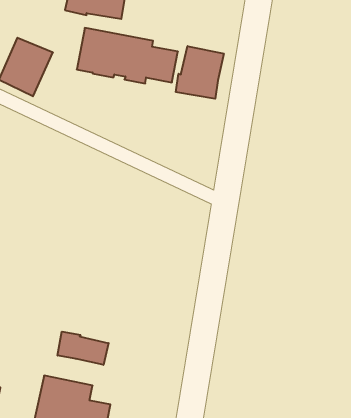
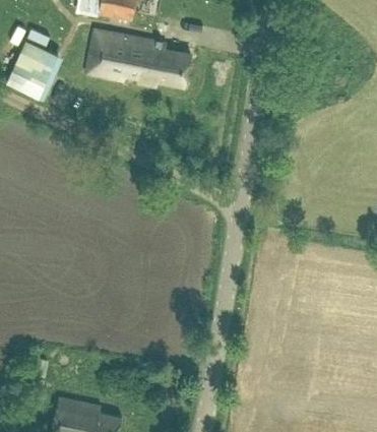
building: [176,46,224,99] -> none
building: [58,332,109,365] -> none

